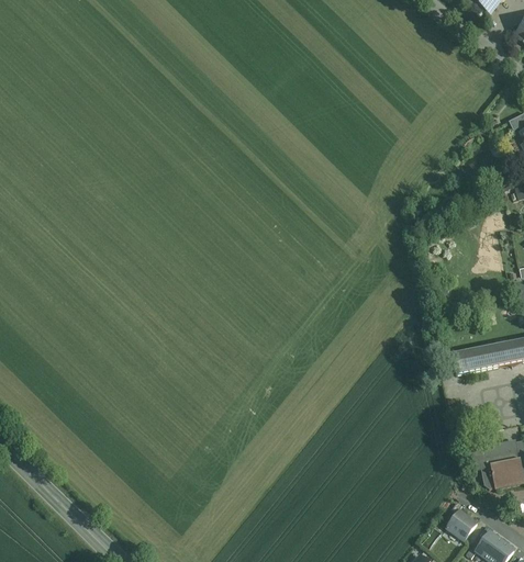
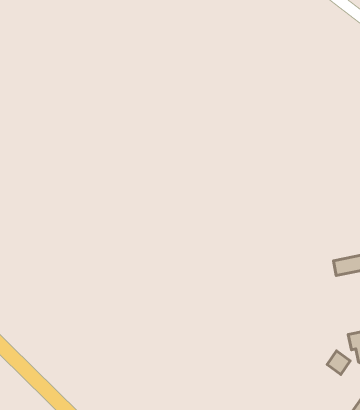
building: [447,508,477,539] -> [327,351,350,375]

